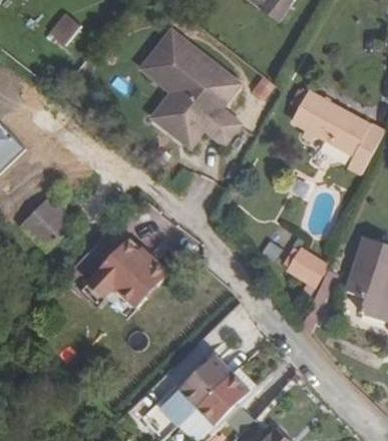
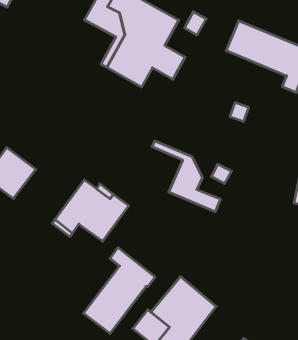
building: none -> [152,141,220,212]
building: [285,248,327,287] -> none
building: none -> [83,248,155,334]

